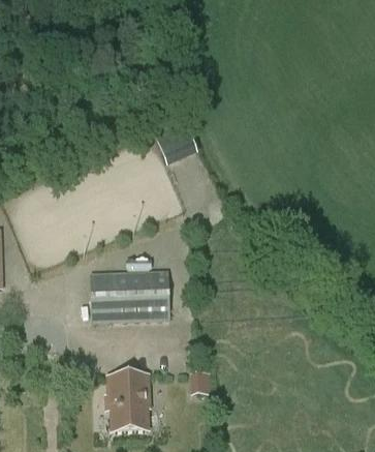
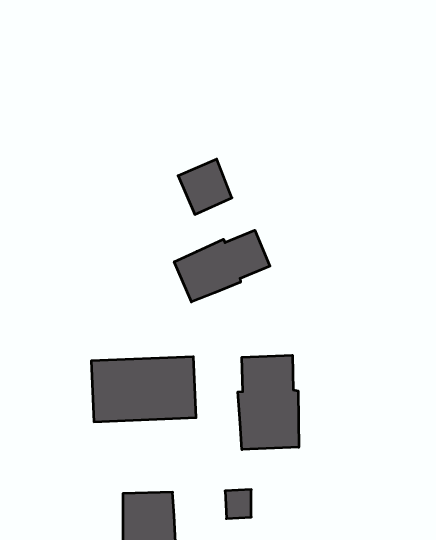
building: none -> [174,230,270,302]
building: none -> [238,355,299,450]

